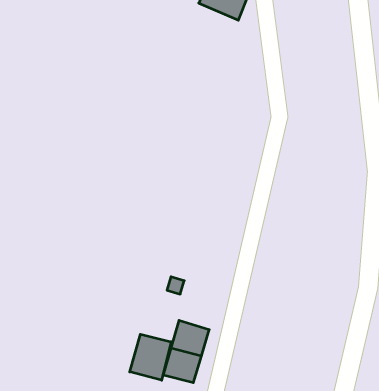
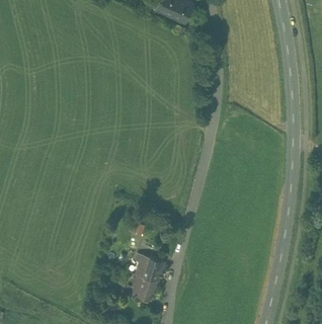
building: [130,334,171,380] -> none

